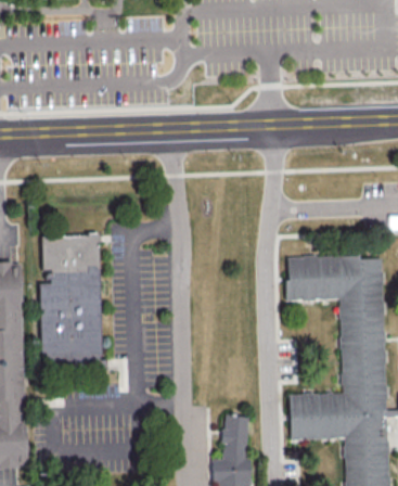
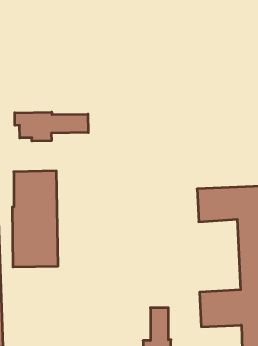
building: none -> [15,112,88,141]

